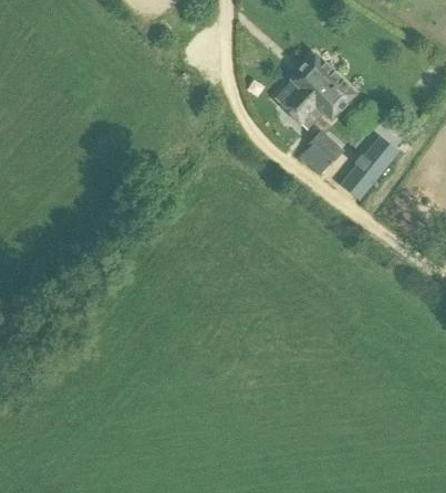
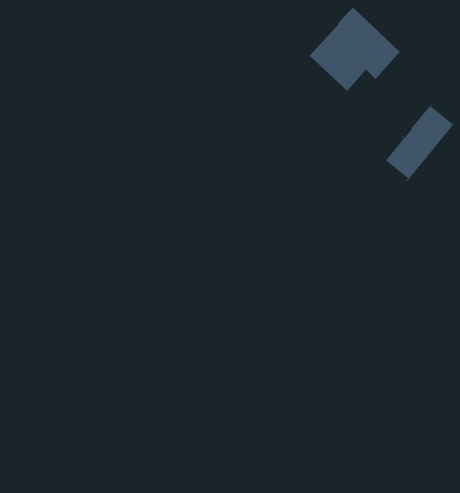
building: [301,132,343,172] -> none

